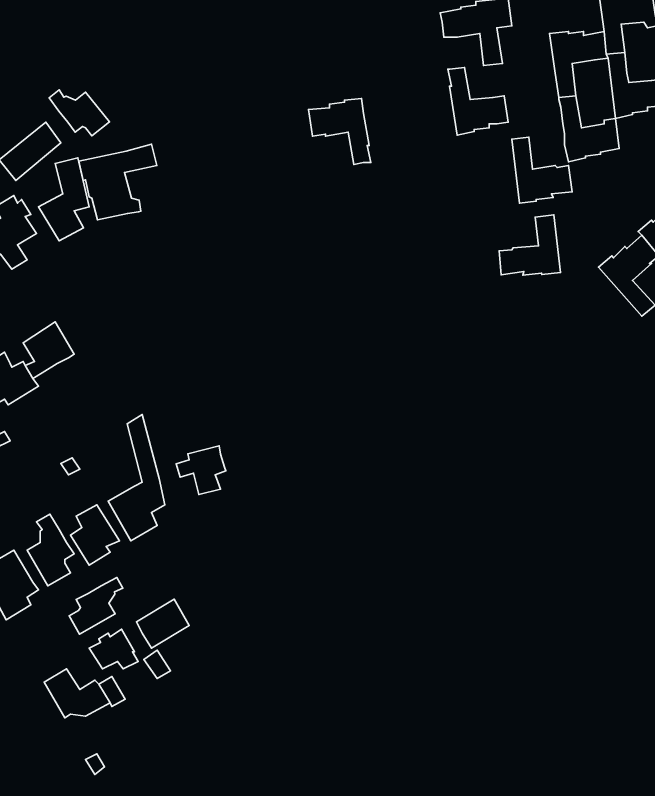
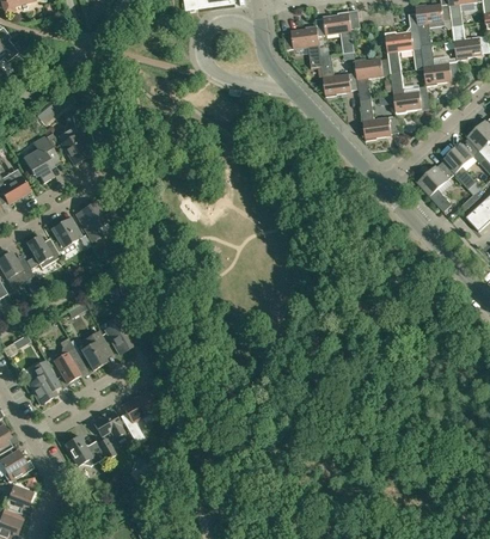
building: none -> [355,57,391,99]
building: [49,90,109,136] -> none
building: [309,98,371,164] -> [283,25,323,67]
building: [79,144,157,220] -> none
building: [499,215,561,275] -> none
building: none -> [76,202,108,240]
building: [176,446,226,495] -> none
building: [69,577,123,634] -> none

